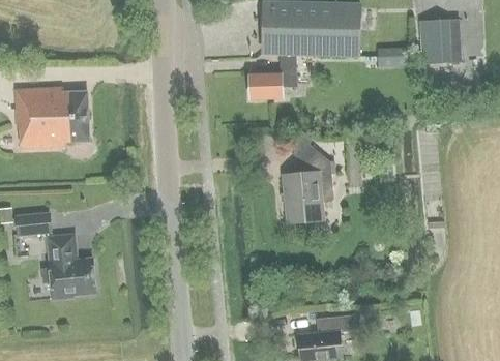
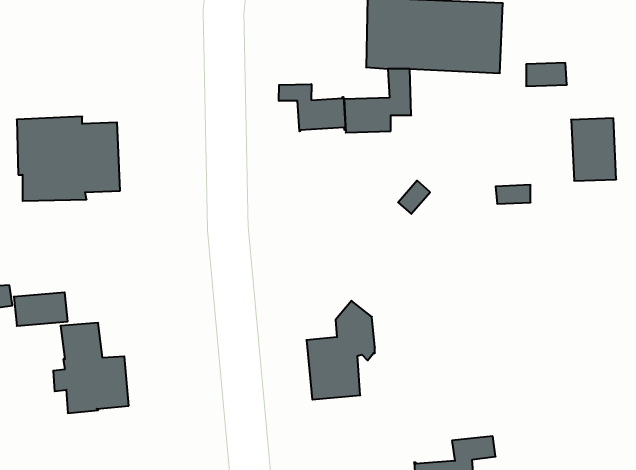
building: [419,19,451,63] -> [571,118,616,181]
building: none -> [279,84,346,131]
building: [284,149,332,219] -> [306,301,375,400]

